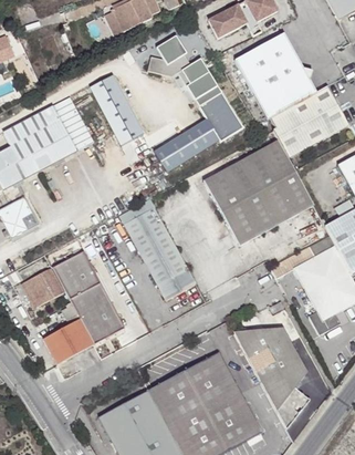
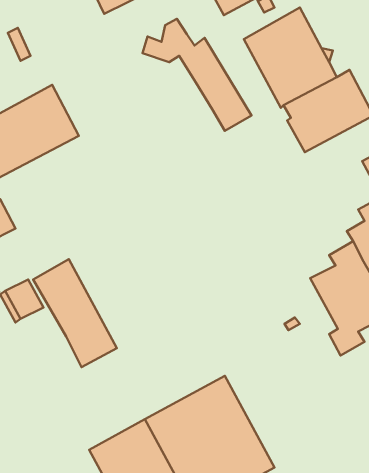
building: [95,74,149,146] -> none
building: [154,120,219,174] -> none
building: [203,139,313,246] -> none
building: [123,207,196,299] -> none
building: [42,318,93,364] -> none
building: [233,327,306,427] -> none

